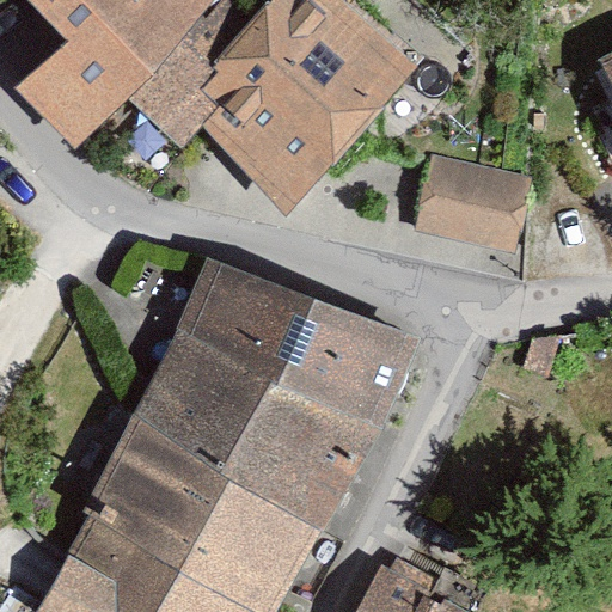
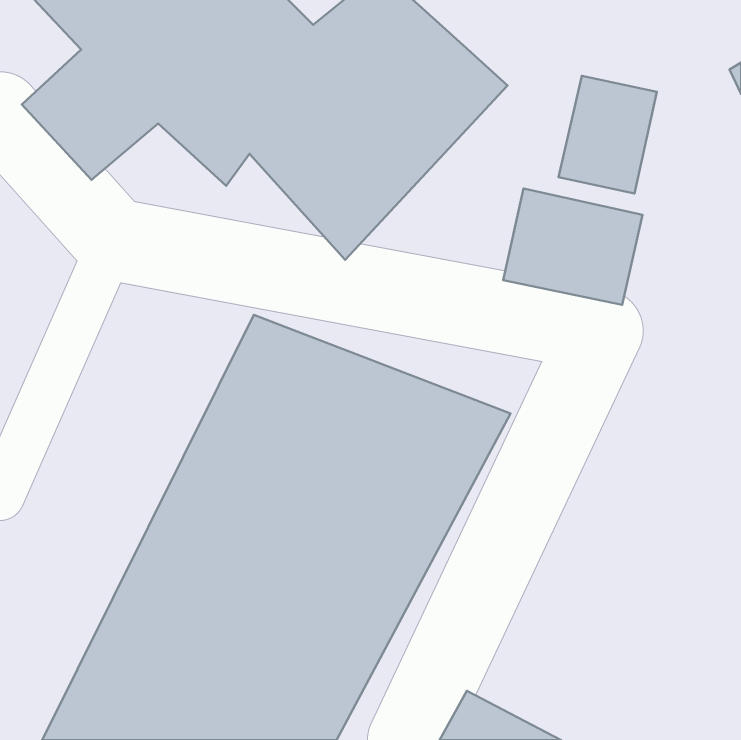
building: none -> [559,76,657,193]

